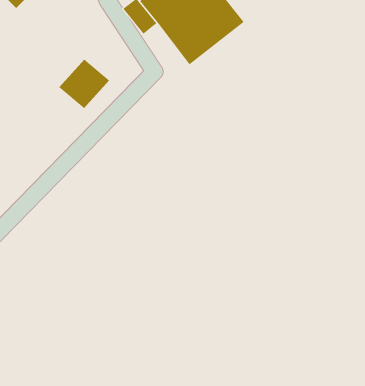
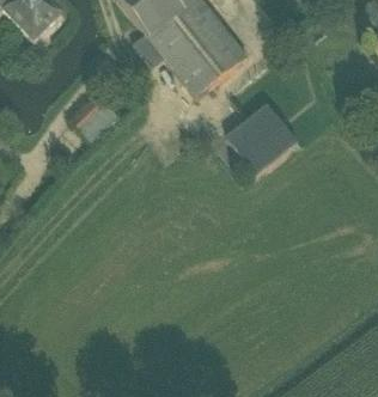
building: none -> [226,102,297,172]

